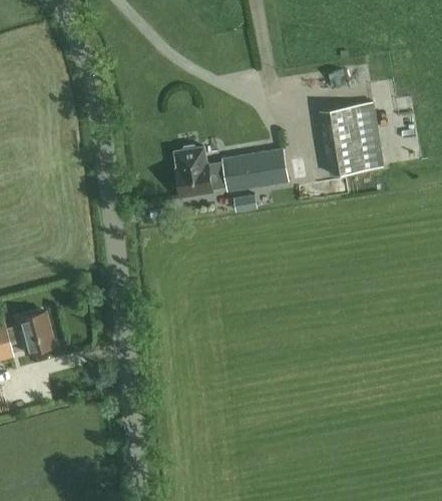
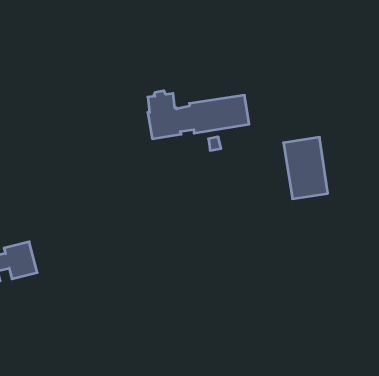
building: [323,106,372,174] -> [283,137,328,199]

